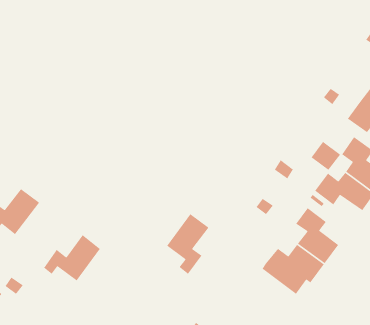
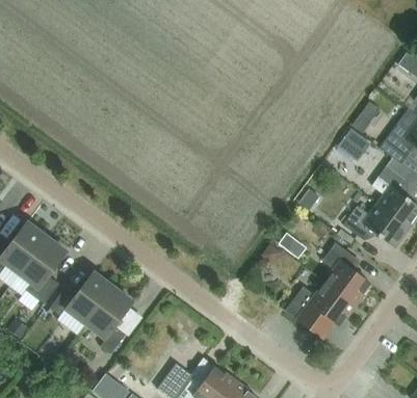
building: [310,141,341,171] -> [338,128,371,160]
building: none -> [20,237,67,302]
building: [166,213,209,275] -> [86,287,133,353]

